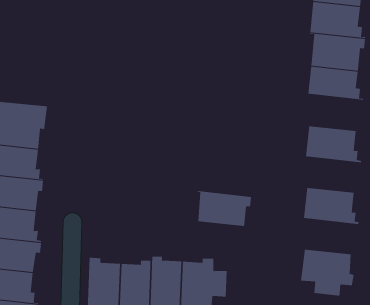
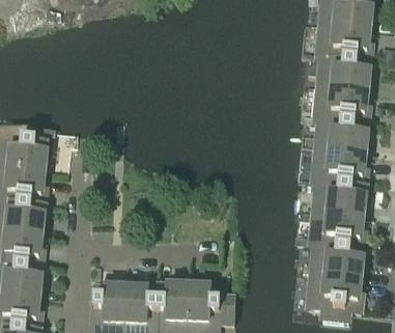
building: none -> [317,117,374,155]
building: none -> [315,181,372,217]
building: [197,191,252,227] -> [313,243,369,279]

